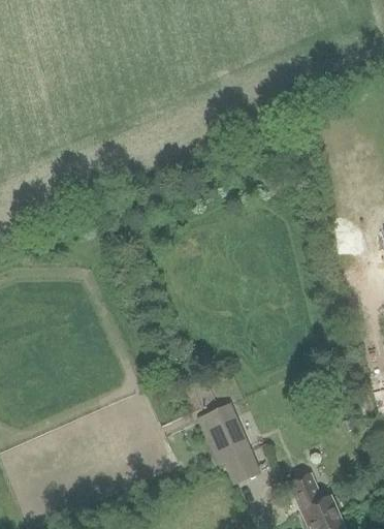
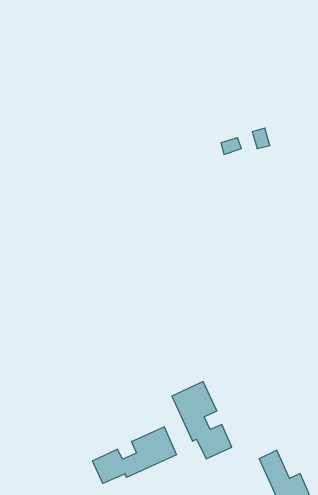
building: none -> [93,427,177,483]

